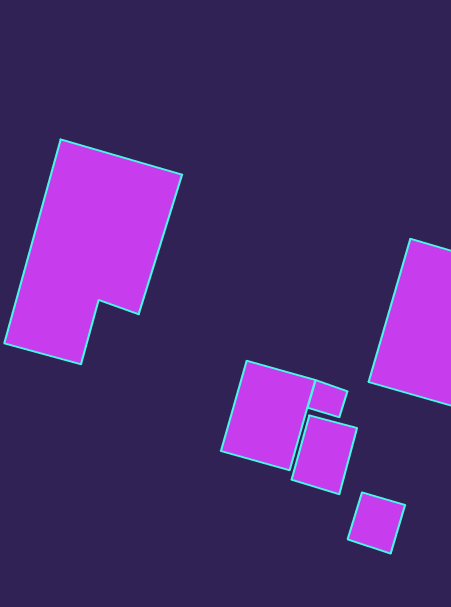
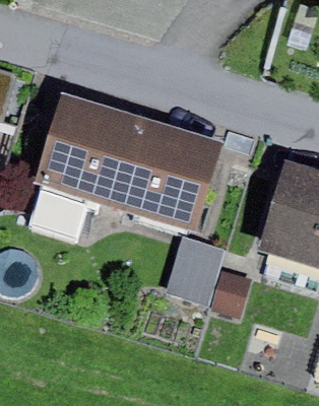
building: none -> [115,120,220,232]

